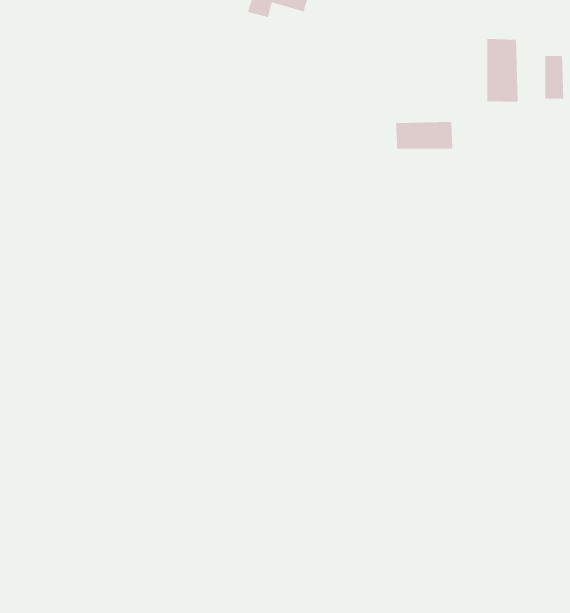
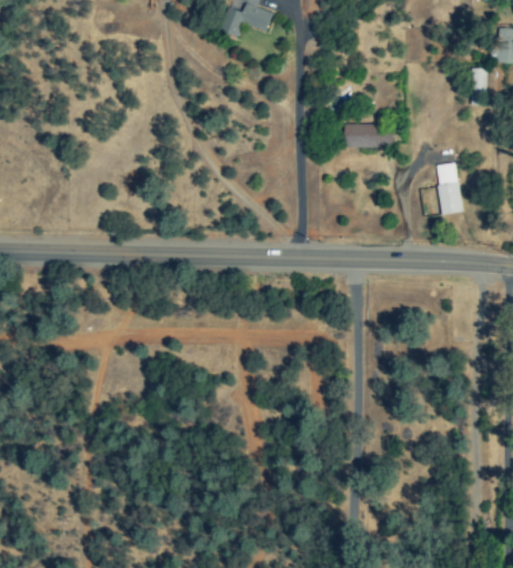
building: [487,38,518,102] -> none
building: none -> [434,162,461,214]

